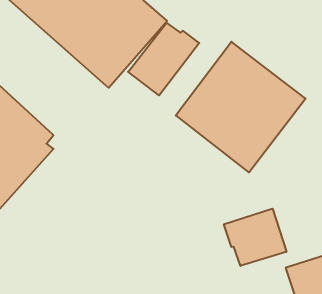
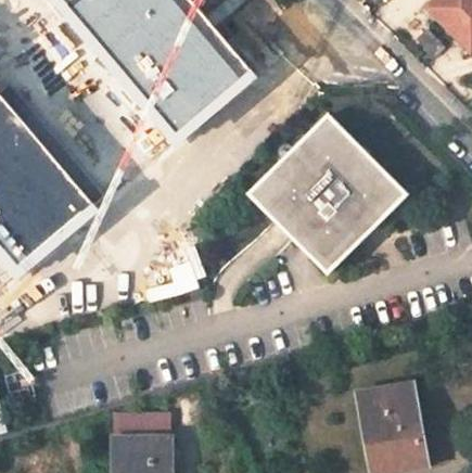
building: [128,23,199,95] -> none
building: [224,209,286,266] -> none

